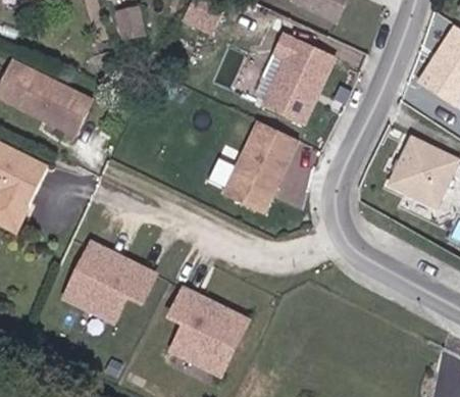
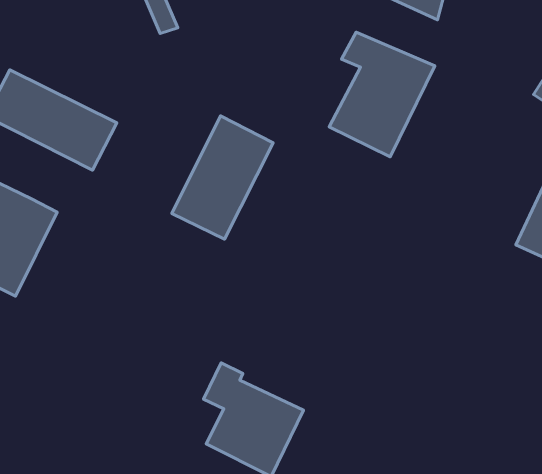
building: [229,128,306,220] -> [172,116,273,239]
building: [58,242,149,314] -> none

